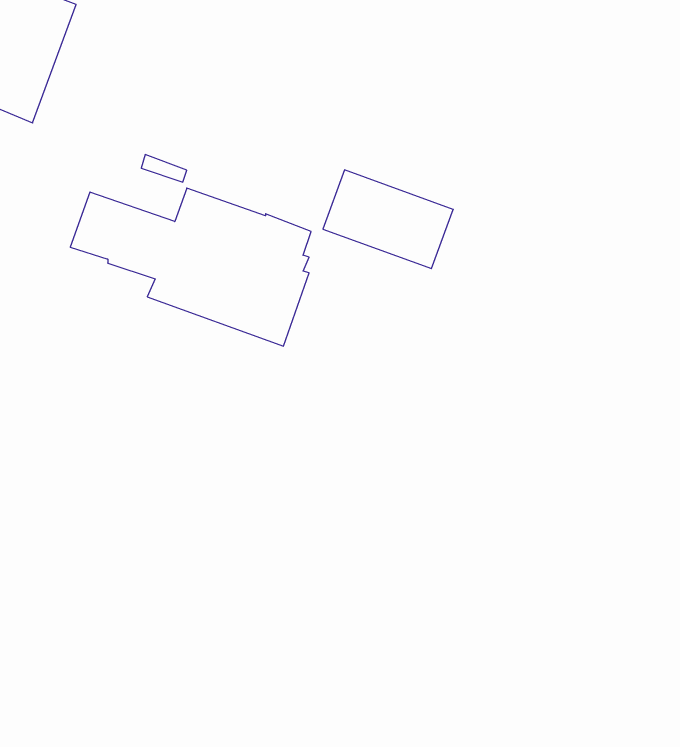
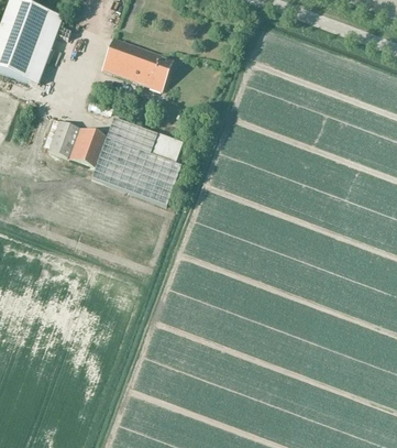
building: [323,170,453,269] -> [102,36,175,91]

